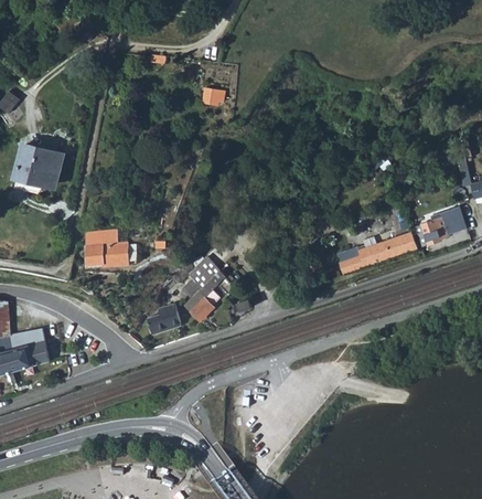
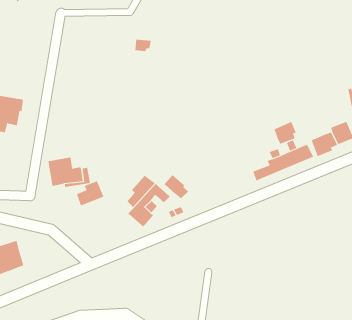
building: none -> [274,121,297,144]
building: none -> [164,174,189,199]
building: [147,304,181,335] -> [76,180,104,206]

